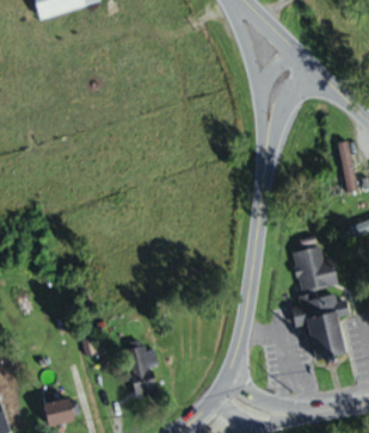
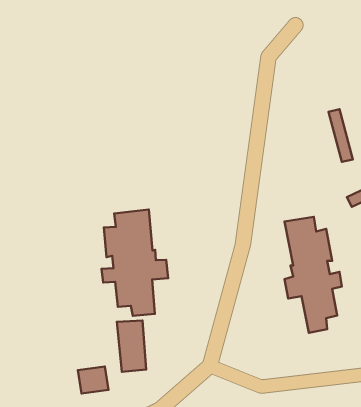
building: none -> [102,209,168,316]
building: [45,398,75,425] -> [78,367,109,394]

